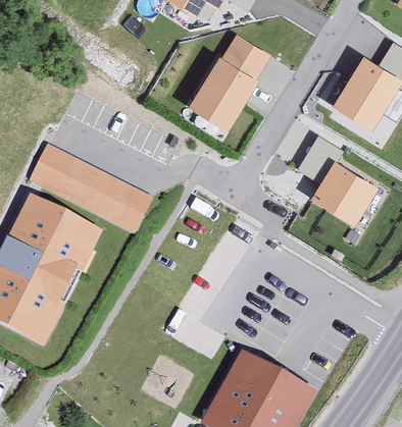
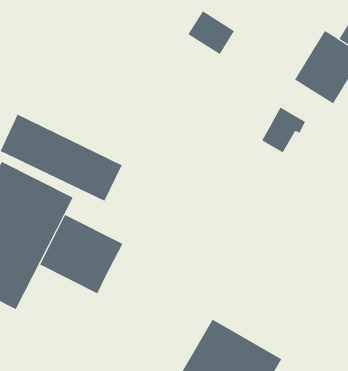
building: [186,56,258,131] -> none
building: [310,160,379,226] -> none
building: none -> [39,214,123,294]

